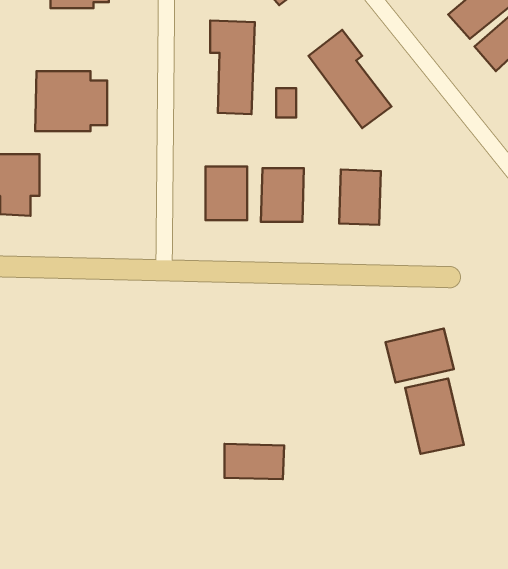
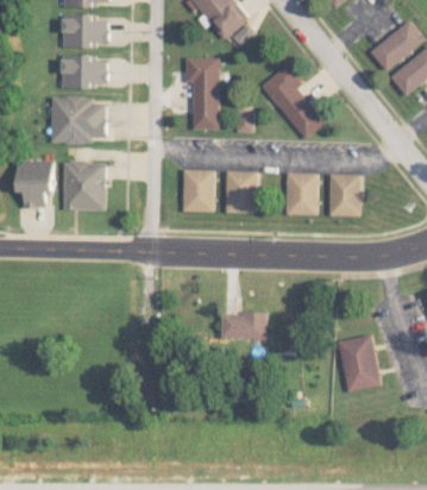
building: none -> [61,55,107,87]
building: none -> [62,162,106,211]
building: none -> [328,174,362,216]
building: [385,329,454,383] -> none
building: [224,444,284,479] -> [221,312,268,339]

